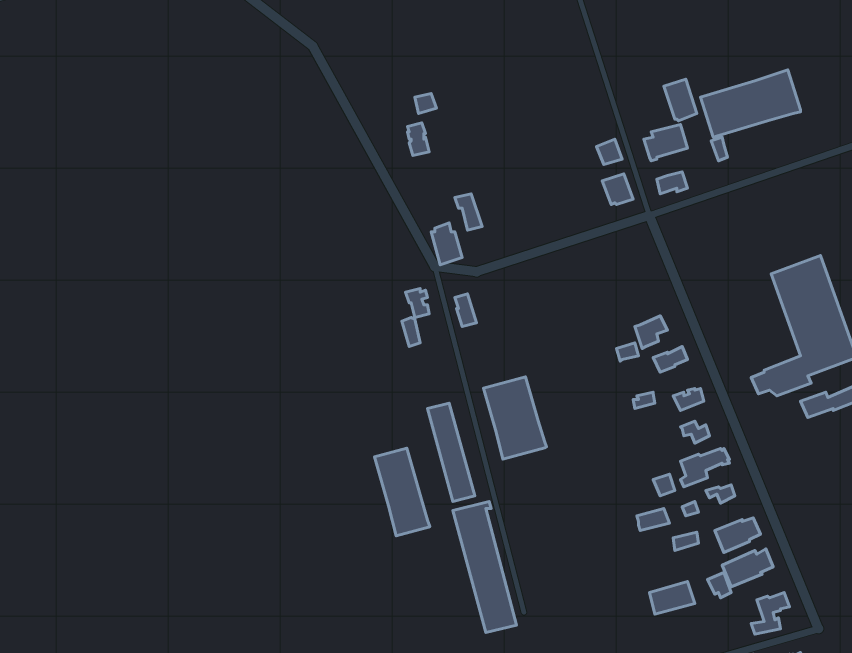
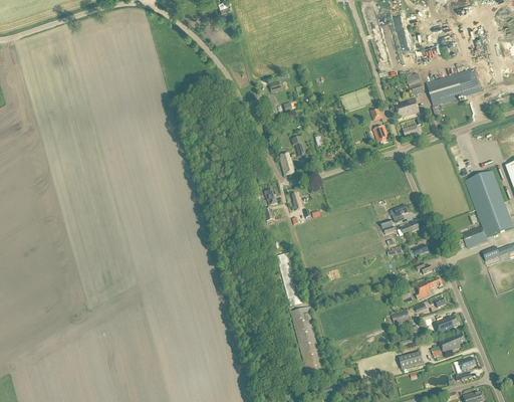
building: [483,377,547,459] -> none
building: [374,448,430,536] -> none

